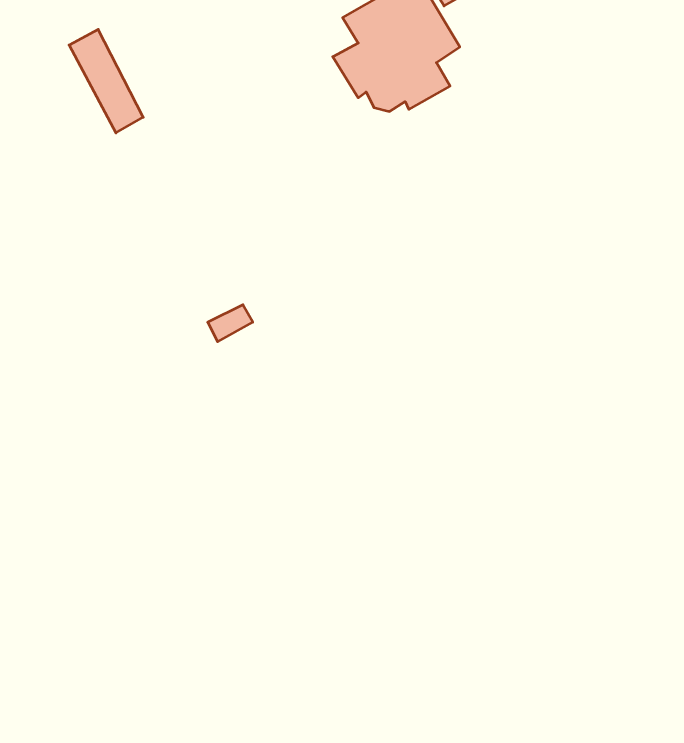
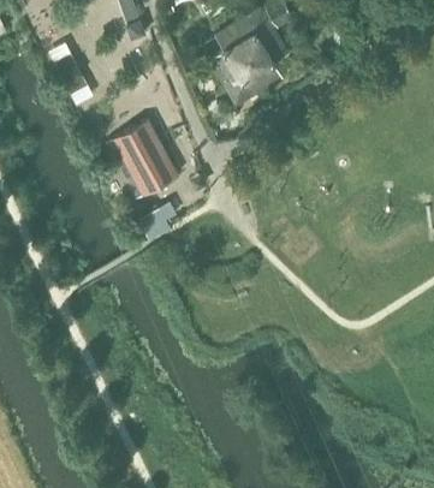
building: none -> [108,120,179,200]

